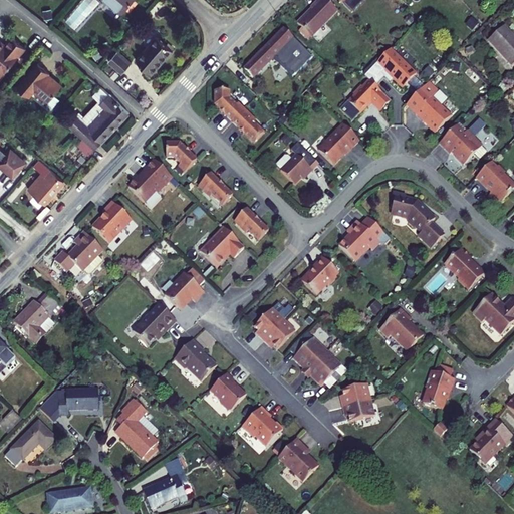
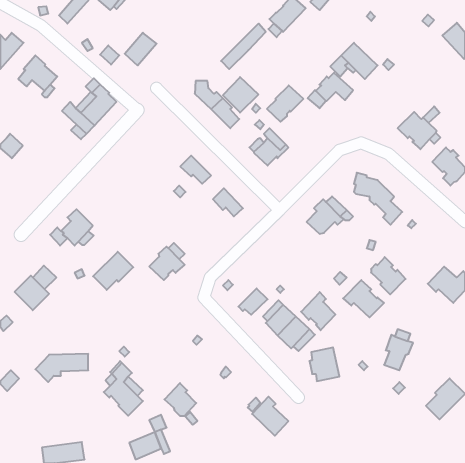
building: [274,35,313,74] -> [223,77,258,113]
building: [409,82,452,134] -> none
building: [318,123,358,164] -> [267,85,303,122]
building: [166,142,197,171] -> none
building: [28,158,65,202] -> none
building: [127,158,172,202] -> none
building: [91,202,131,243] -> none
building: [200,226,245,266] -> none
building: [447,248,485,289] -> [371,257,406,294]
building: [301,256,338,294] -> none
building: [133,303,177,345] -> [93,252,133,290]
building: [254,307,283,338] -> none
building: none -> [301,292,335,330]
building: [175,340,217,381] -> none
building: [210,372,245,409] -> [164,383,196,416]
building: [243,407,282,445] -> none
building: [6,421,57,466] -> none

